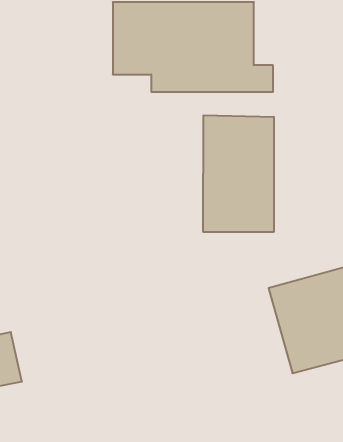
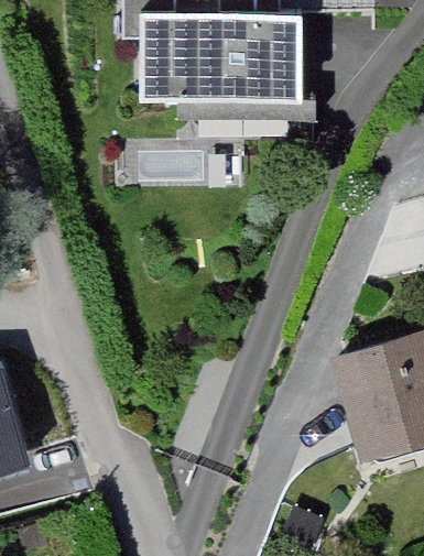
building: [203,115,274,232] -> none

